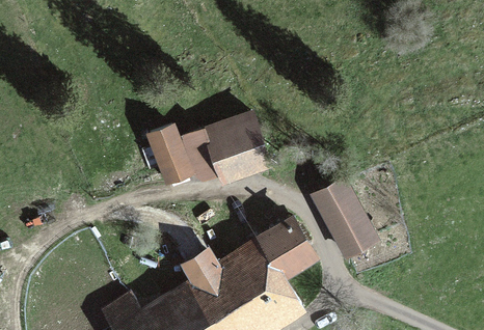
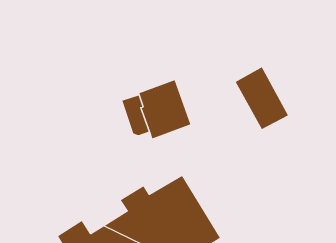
building: [145,123,192,186] -> none
building: [311,176,380,258] -> [235,66,289,130]
building: [260,214,319,278] -> none

